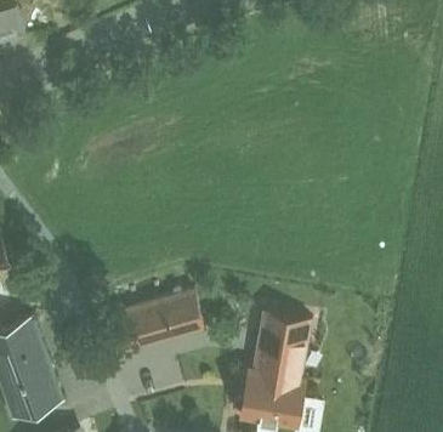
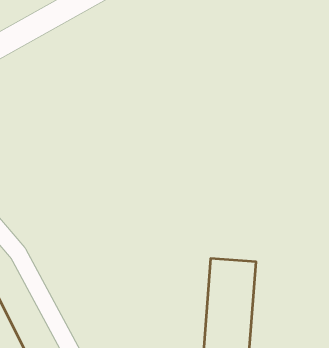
building: [115,286,205,348] -> none

